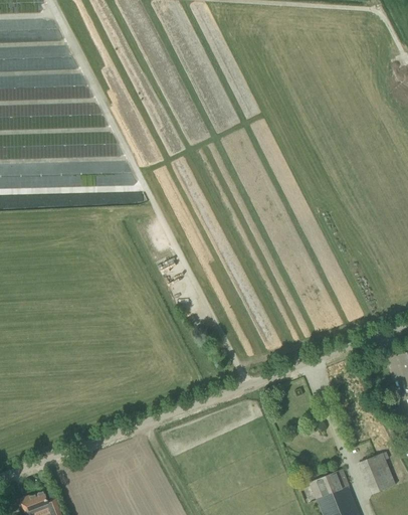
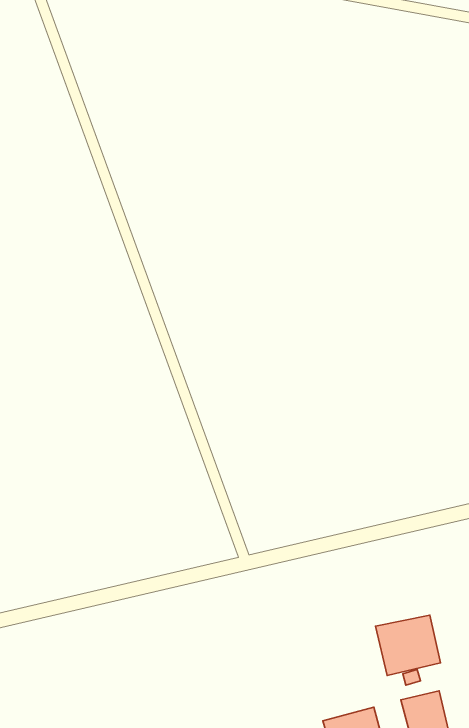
building: none -> [376,615,441,676]

